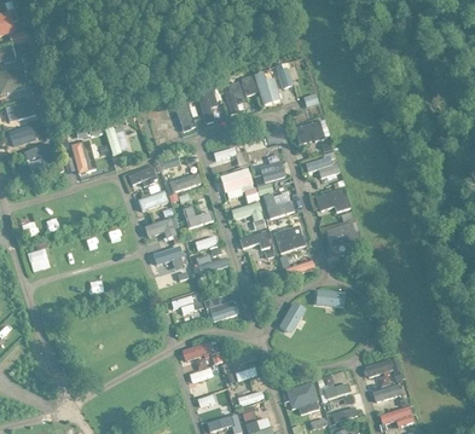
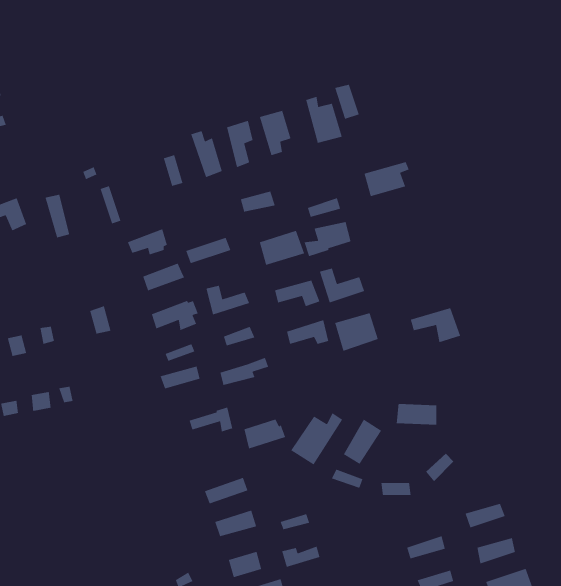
building: [305,150,340,178] -> none
building: [314,186,351,212] -> none
building: none -> [290,412,343,465]
building: [286,381,319,409] -> none

